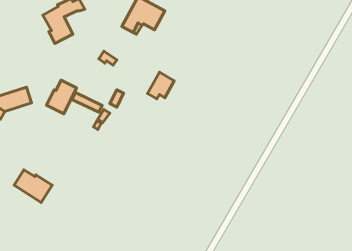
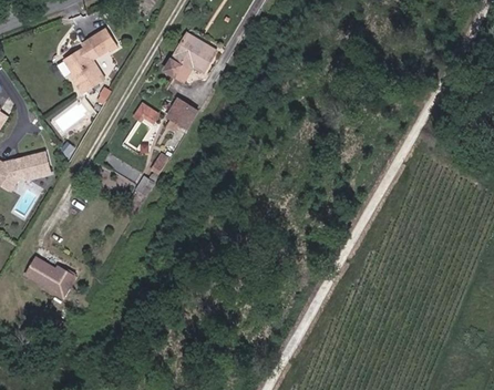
building: [147,72,174,99] -> [162,99,196,133]
building: [46,80,76,114] -> none

